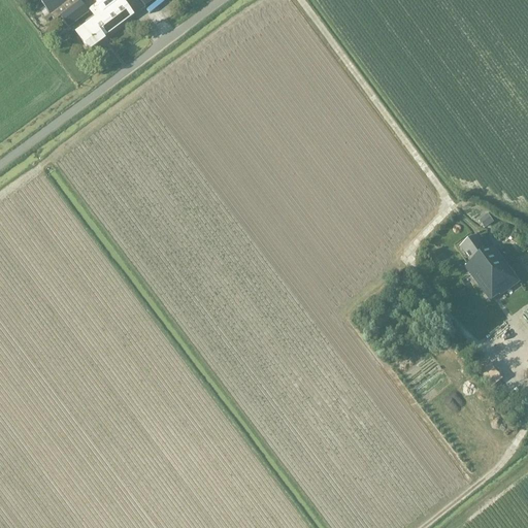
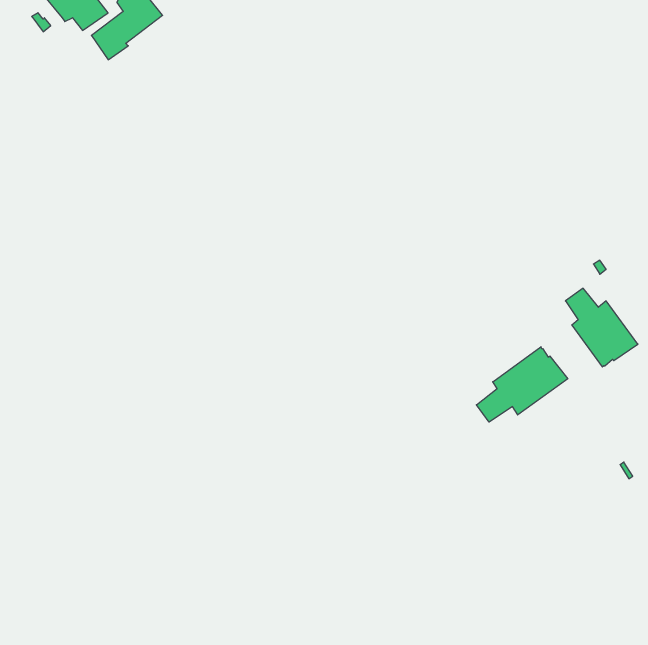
building: none -> [476,347,568,422]

